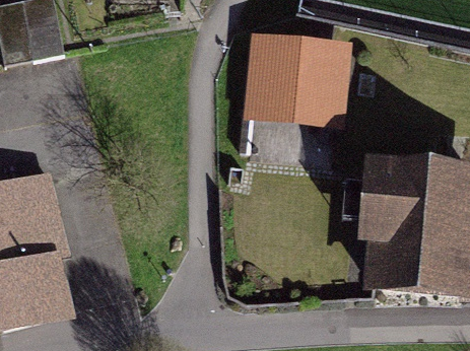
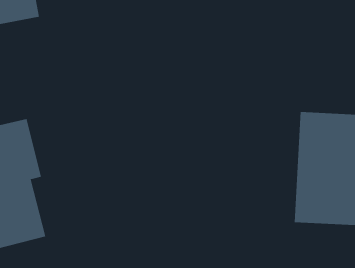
building: [248,42,352,127] -> none

